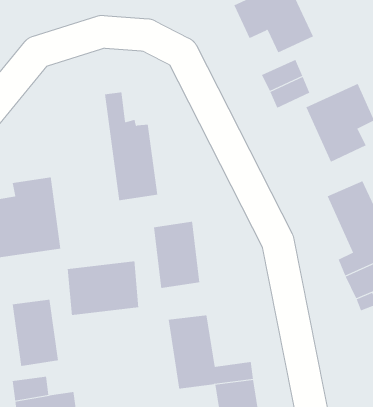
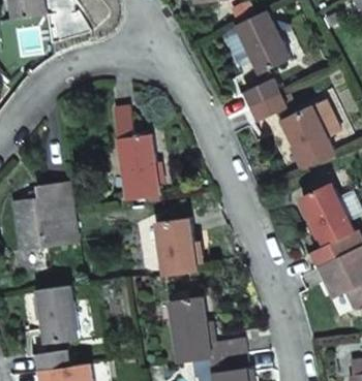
building: [67,261,139,316] -> none

